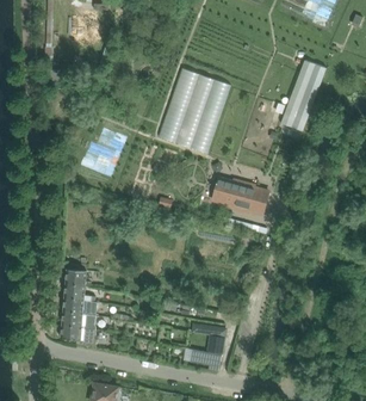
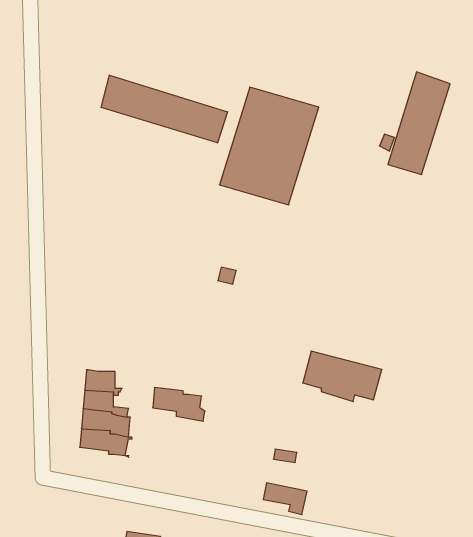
building: none -> [101,75,228,143]
building: [212,179,268,215] -> [303,351,382,402]
building: [60,325,97,348] -> [153,388,205,421]

